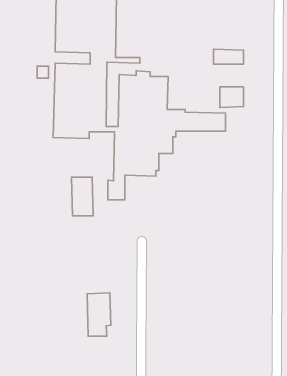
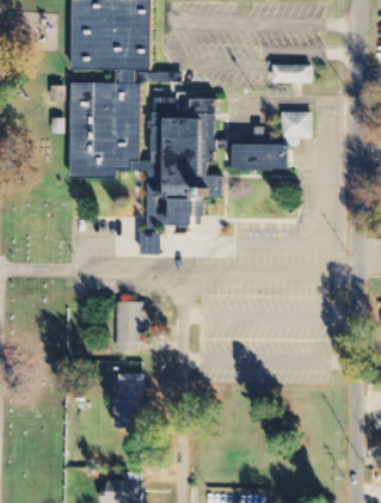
building: [72,177,93,216] -> [113,302,141,351]

